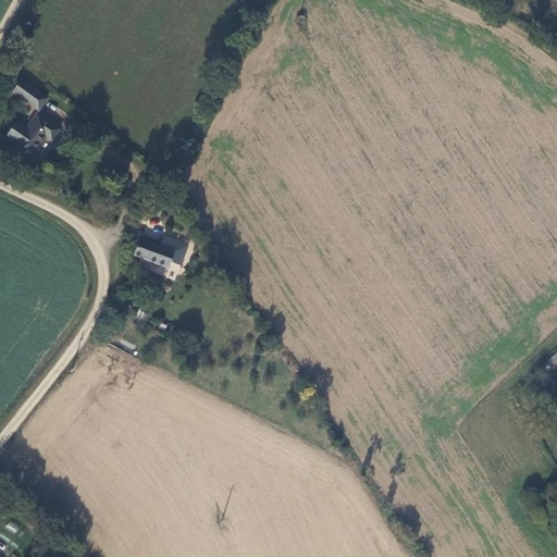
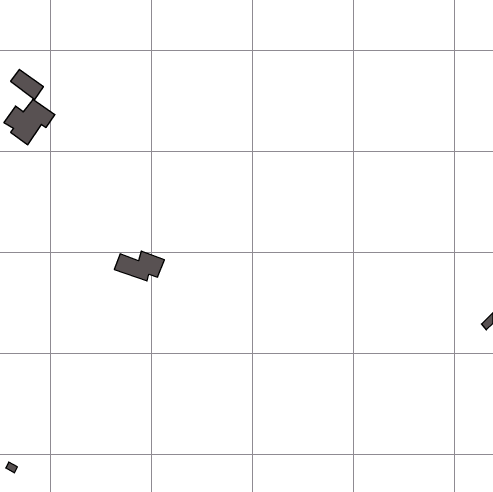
building: [133,237,189,271] -> [114,251,164,281]

